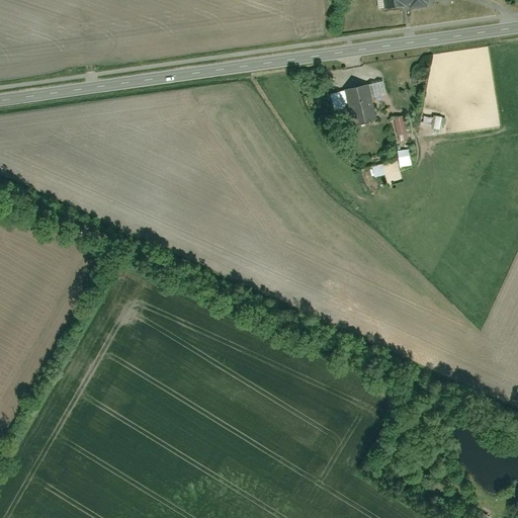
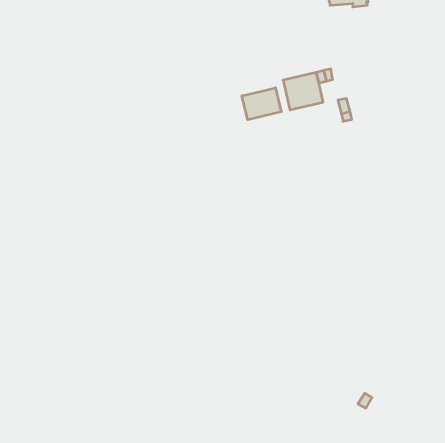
building: none -> [242,88,281,120]

